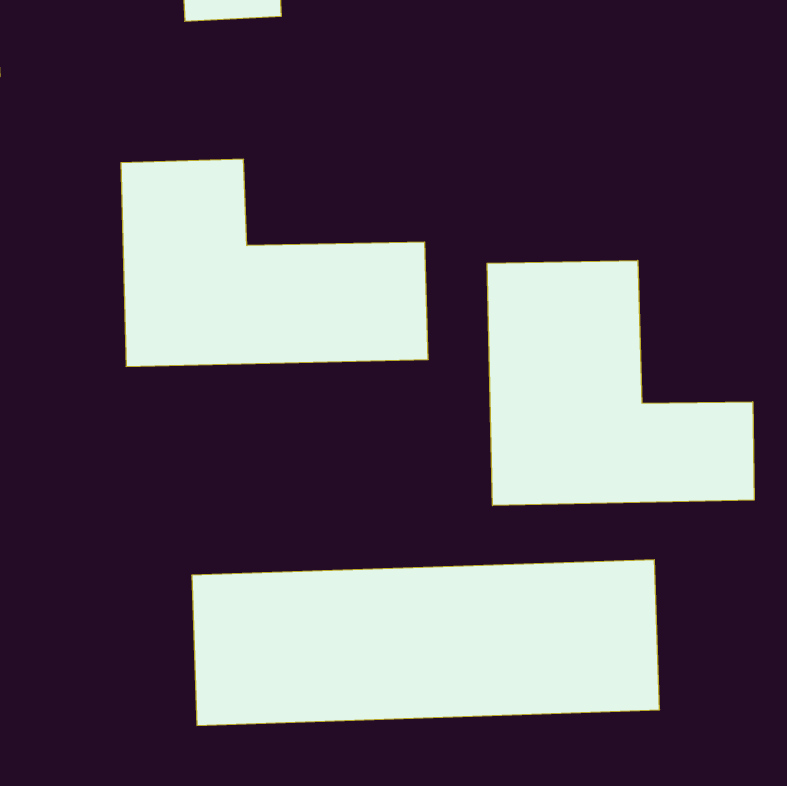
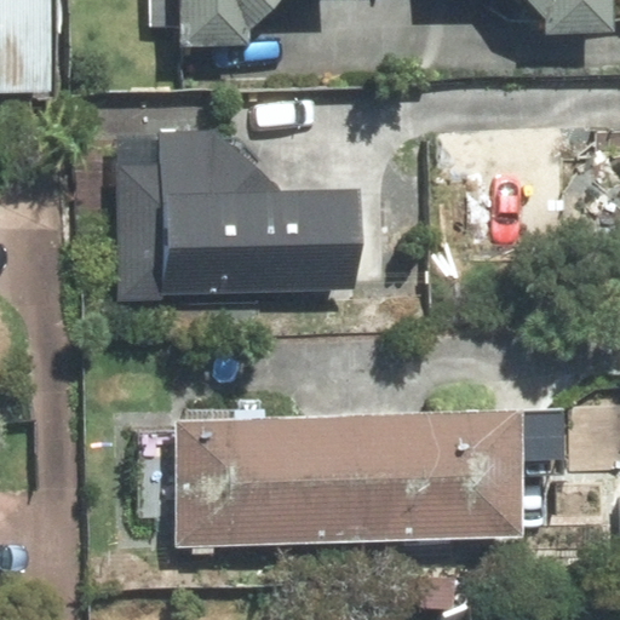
building: [487,260,754,506] -> none

